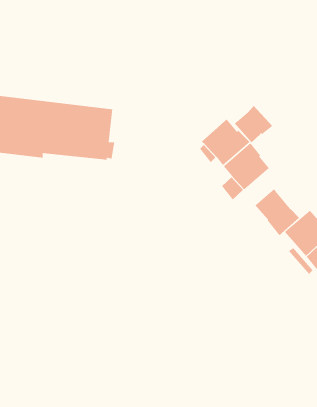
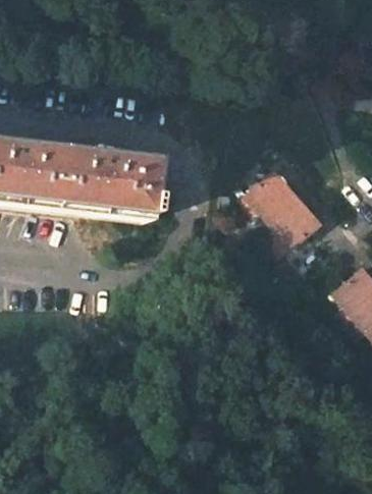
building: [234,105,273,143] -> none
building: [255,188,300,236] -> none

